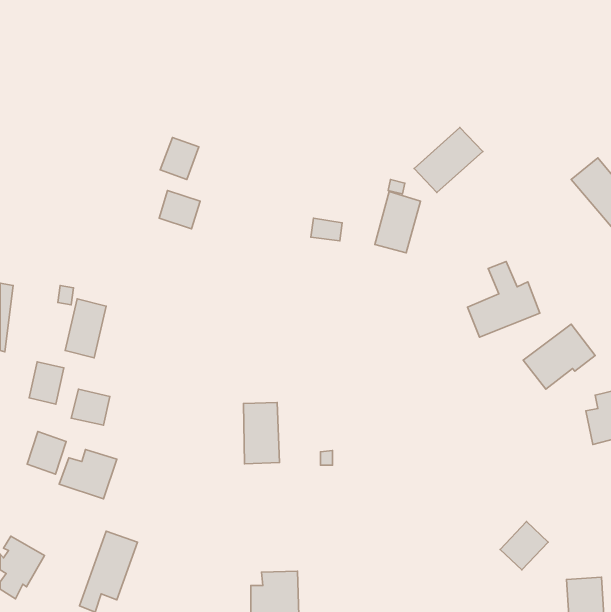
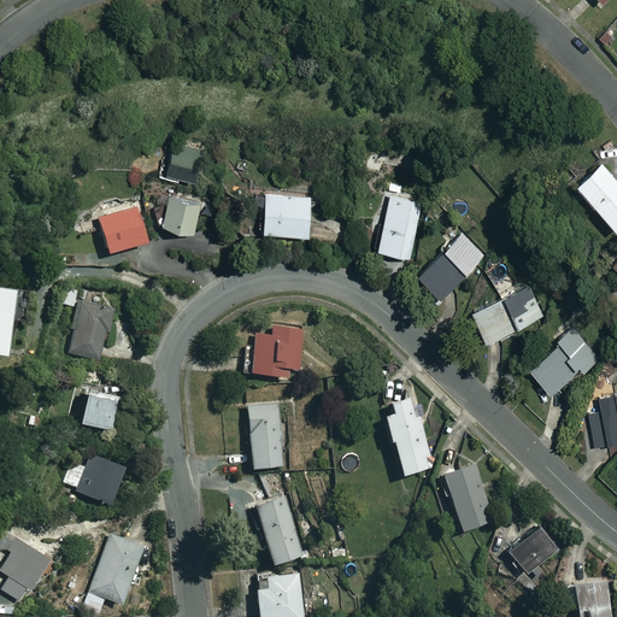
building: [414,128,483,193] -> [418,233,487,298]
building: none -> [264,194,313,233]
building: none -> [99,210,149,253]
building: none -> [245,327,305,377]
building: [29,362,64,404] -> none
building: none -> [382,396,428,475]
building: [27,431,66,474] -> none
building: none -> [441,464,494,531]
building: none -> [254,495,305,563]

